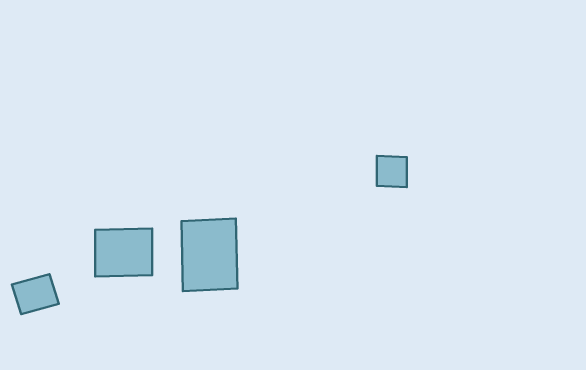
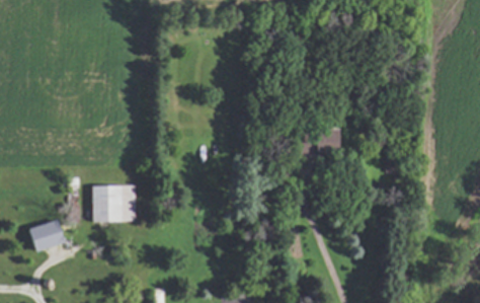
building: [181,219,237,291] -> none

